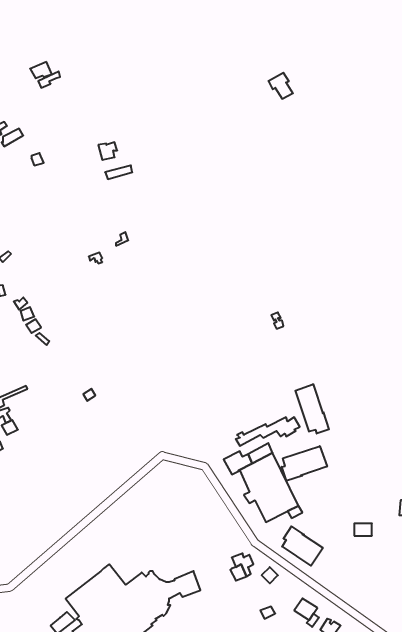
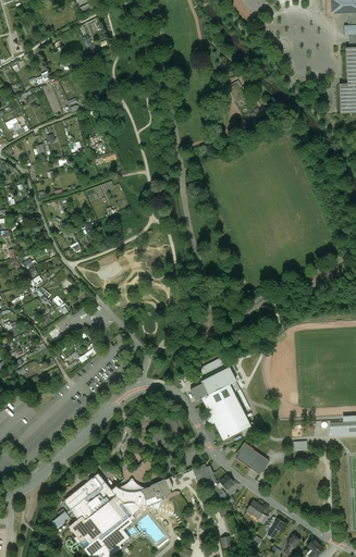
building: [295,384,329,434] -> none
building: [282,446,327,481] -> none

